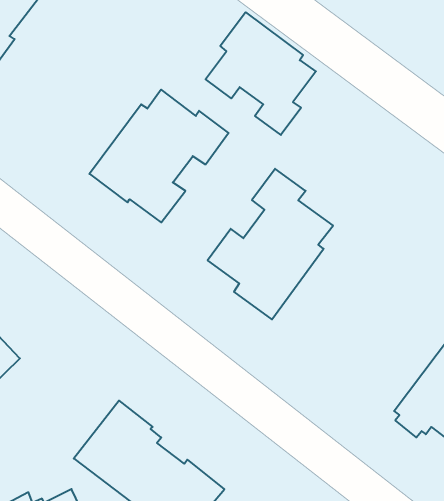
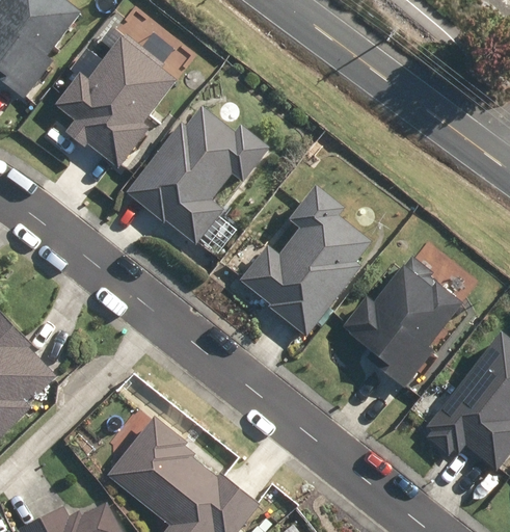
building: [206,12,316,135] -> none
building: none -> [57,37,178,166]
building: none -> [343,260,456,387]

